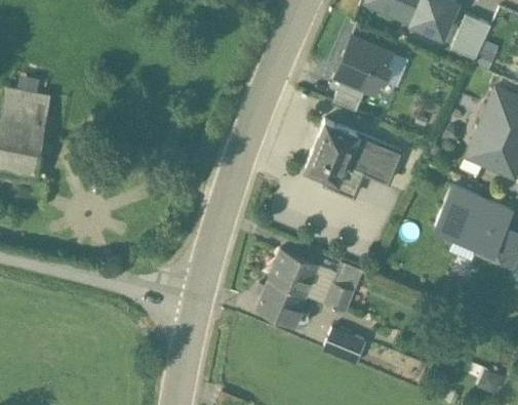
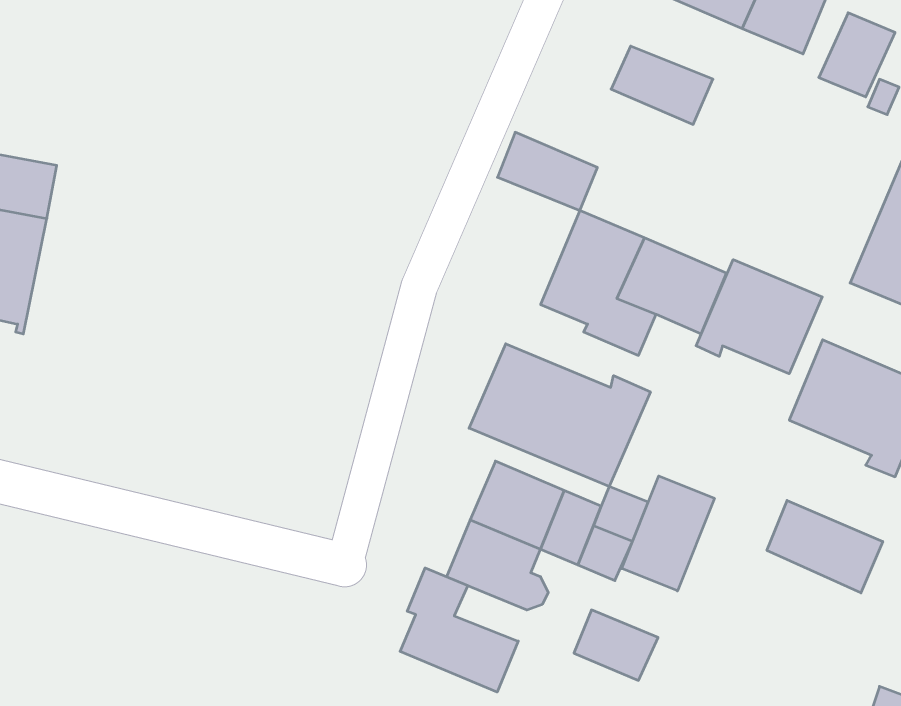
building: [332,55,385,96] -> [497,132,597,211]
building: none -> [696,260,822,374]
building: none -> [469,344,650,487]
building: none -> [622,476,714,591]
building: none -> [767,500,883,593]
building: none -> [400,568,518,692]

